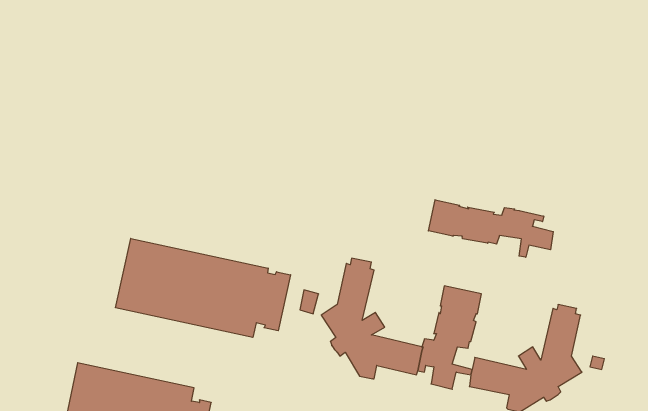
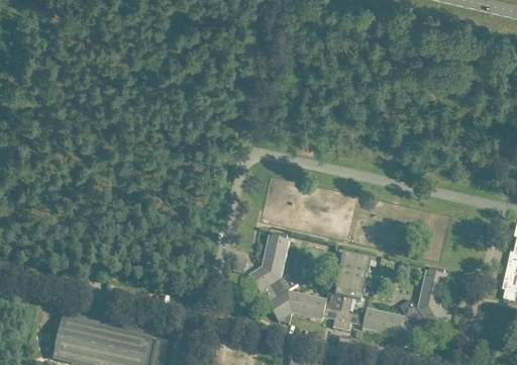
building: [428,200,553,257] -> none
building: [116,238,291,337] -> none

